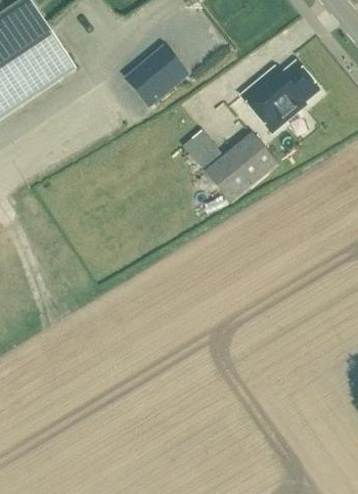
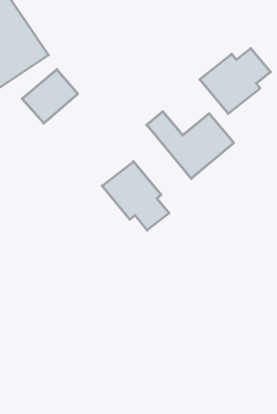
building: [127,46,187,104] -> [22,69,78,123]
building: none -> [102,161,169,230]

